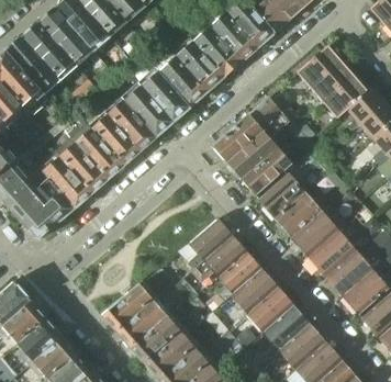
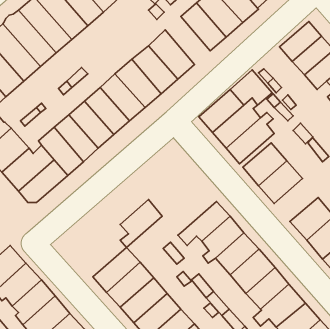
building: [178,41,225,91] -> none
building: [292,211,344,256] -> none
building: [188,217,232,268] -> [120,199,162,248]

